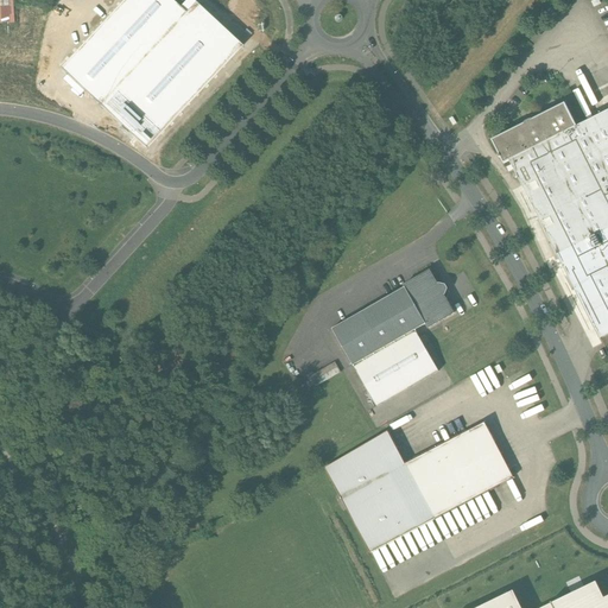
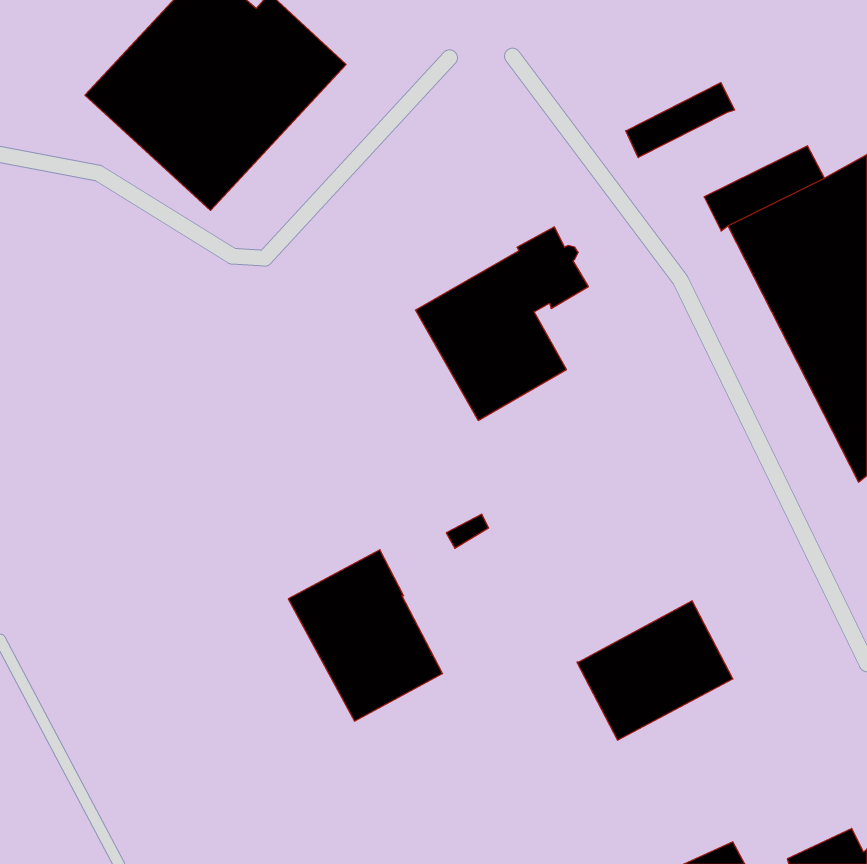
building: none -> [626,83,735,158]
building: [332,270,454,405] -> [415,227,588,420]
building: [324,431,432,551] -> [288,550,443,721]

